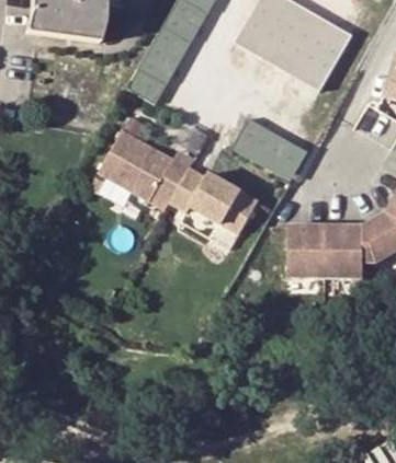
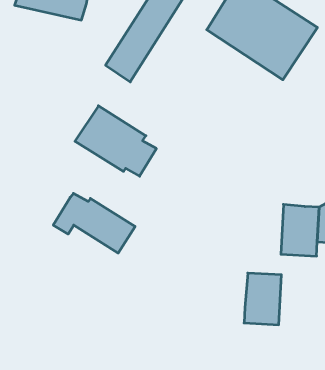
building: [234,118,303,175] -> none
building: [171,169,259,230] -> [53,193,135,253]
building: [290,225,327,279] -> [244,273,281,325]

